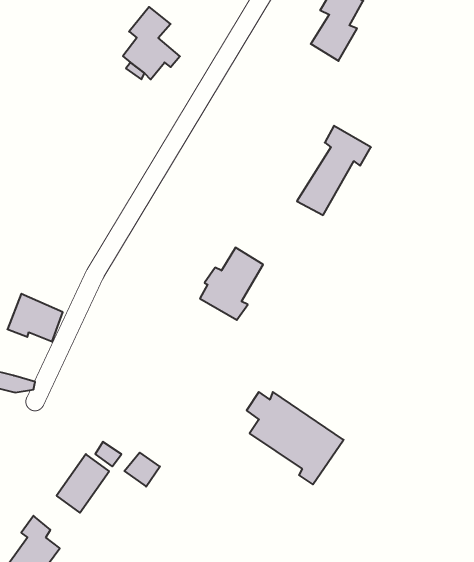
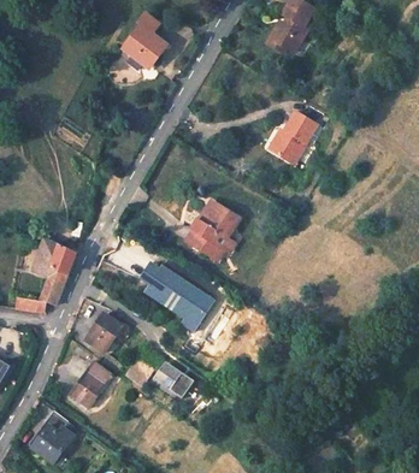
building: none -> [37,267,67,306]
building: none -> [85,312,120,349]
building: [247,392,344,484] -> [138,260,214,332]
building: none -> [151,359,191,396]

